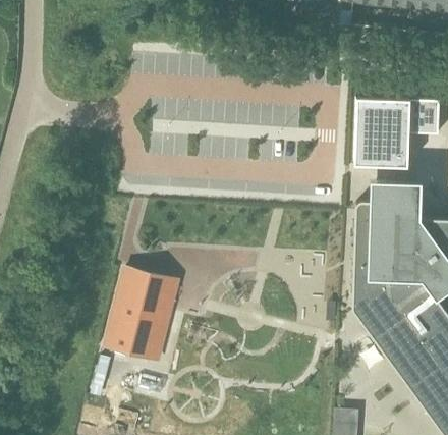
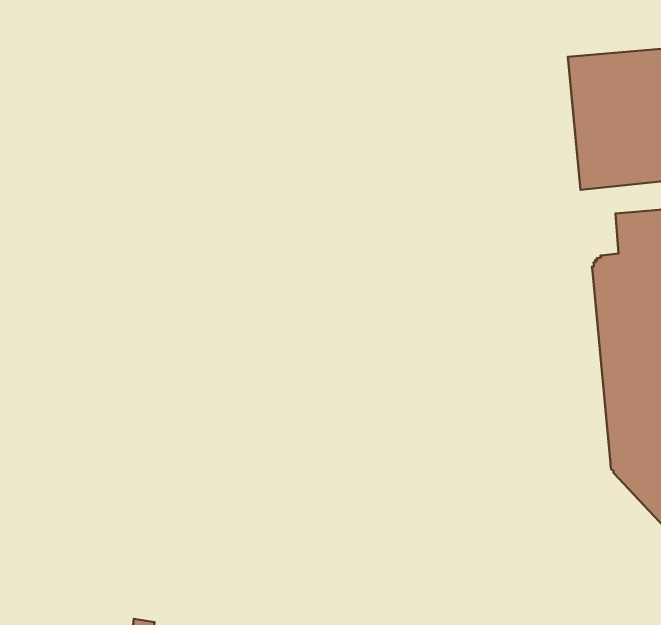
building: [108,269,176,361] -> none

